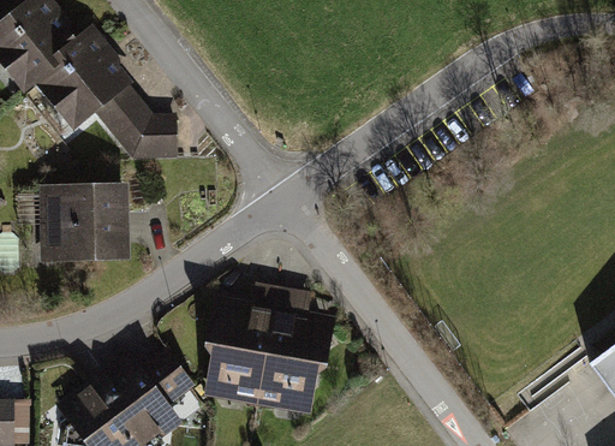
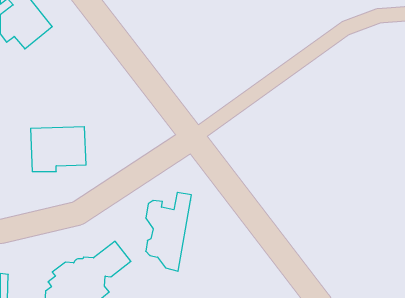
building: [37,36,144,131] -> none
building: [120,119,175,155] -> none
building: [259,298,330,403] -> none

